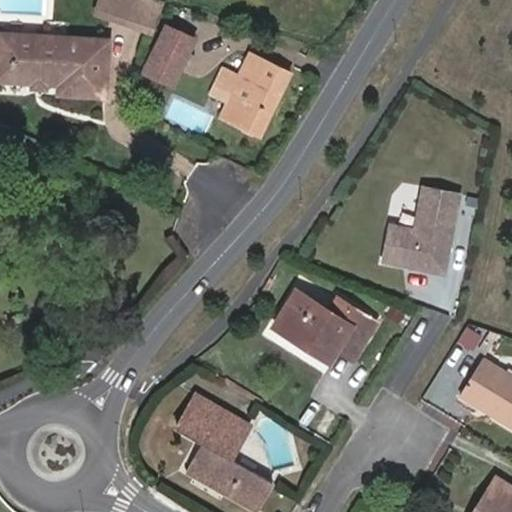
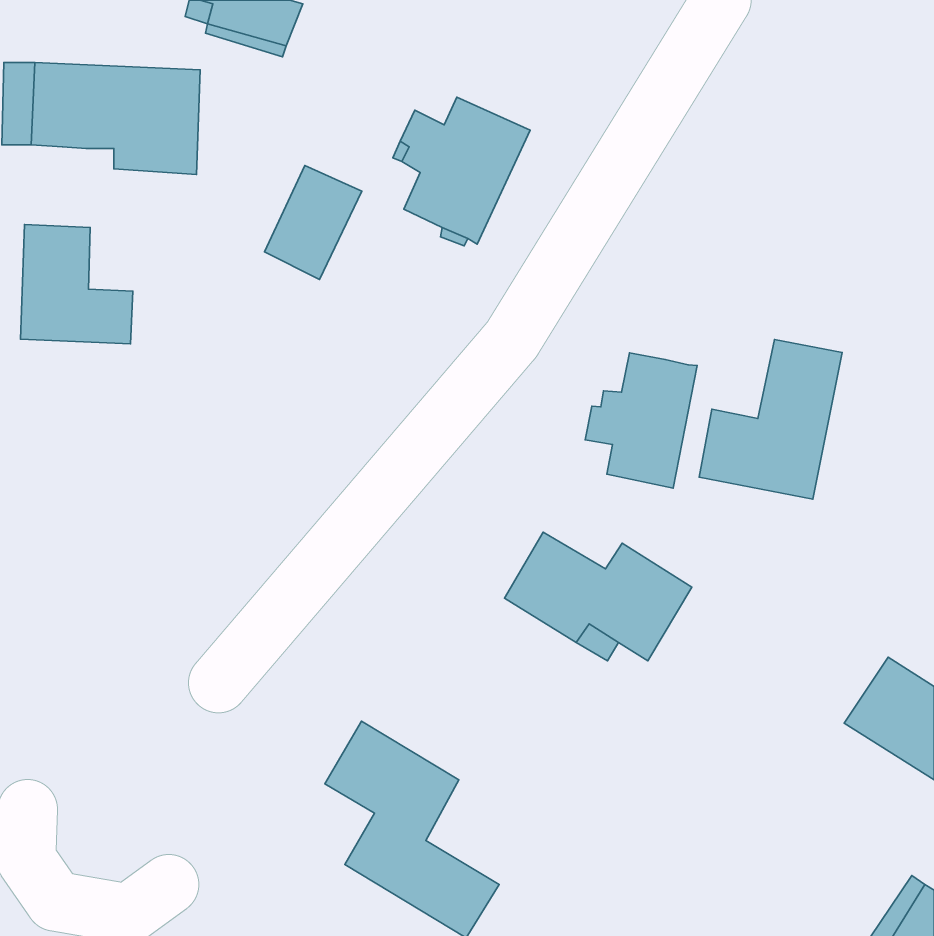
building: [142,25,195,87] -> [265,166,362,279]
building: none -> [20,224,133,344]
building: none -> [585,353,697,488]

